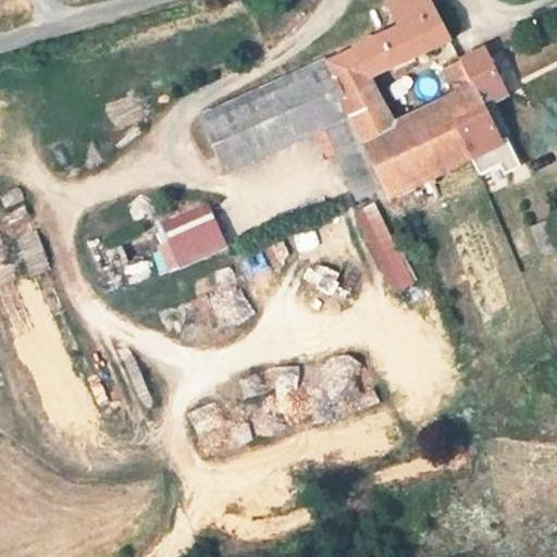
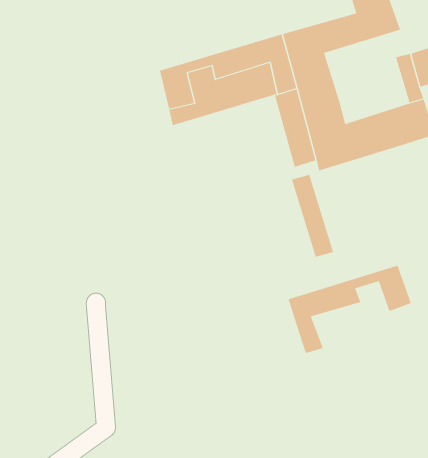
building: [397,90,469,143] -> none
building: [152,198,230,270] -> none
building: none -> [288,265,412,354]

